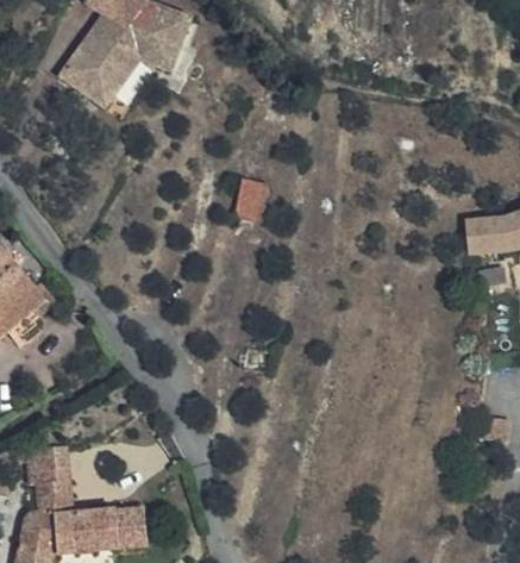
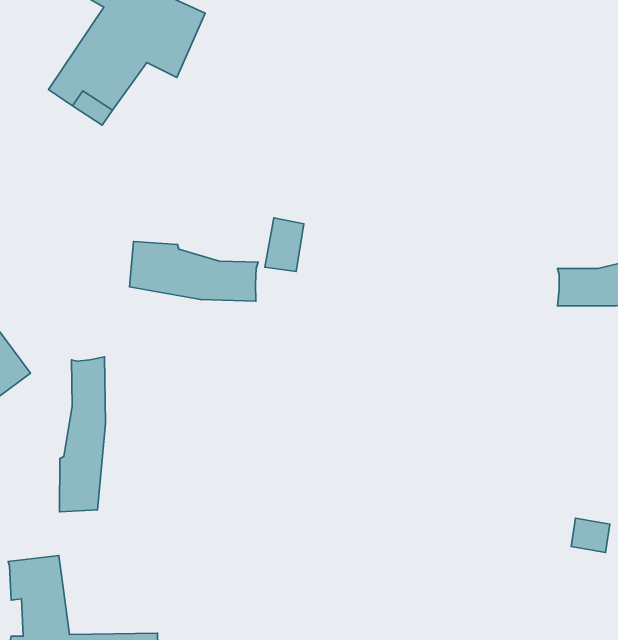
building: none -> [130,242,258,301]
building: none -> [60,357,105,512]

